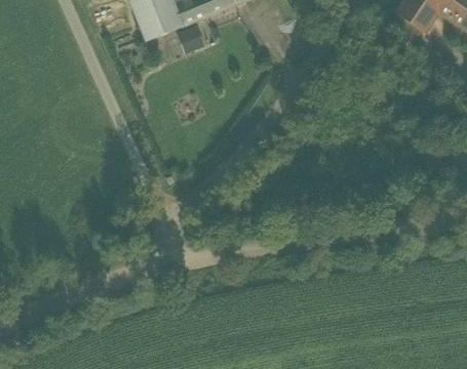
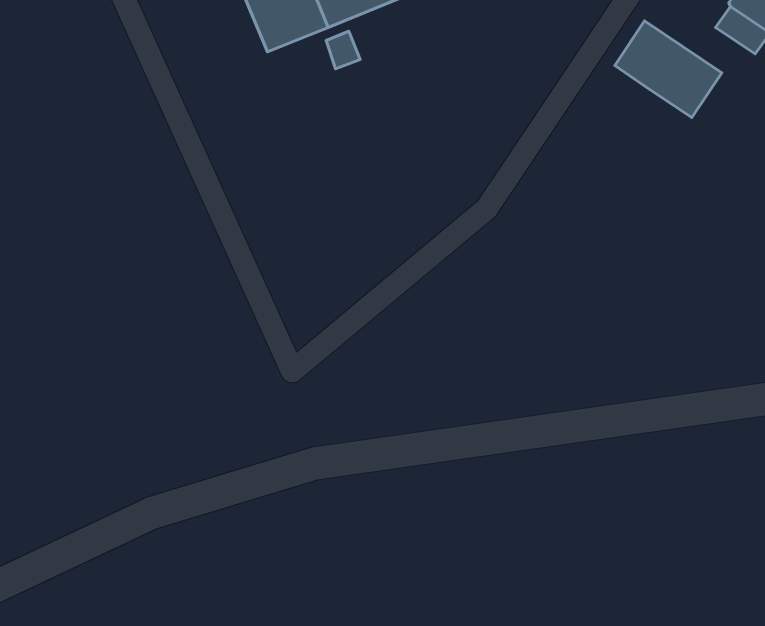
building: none -> [615,21,722,117]

